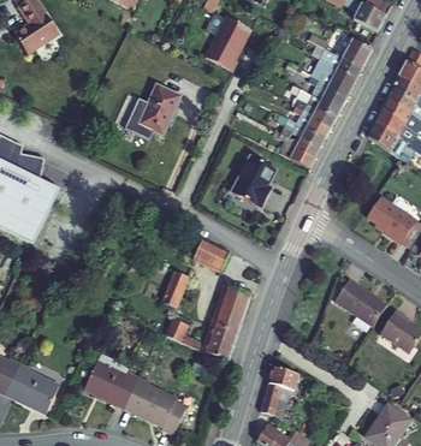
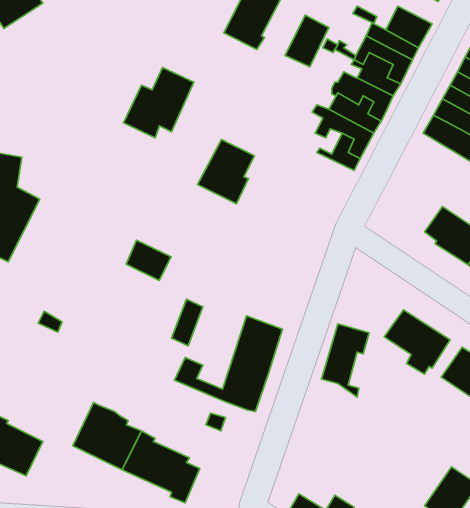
building: none -> [285,15,329,67]
building: [230,156,275,208] -> [198,139,254,204]
building: [194,239,230,272] -> [126,240,171,281]
building: [260,367,298,426] -> [321,324,369,397]

